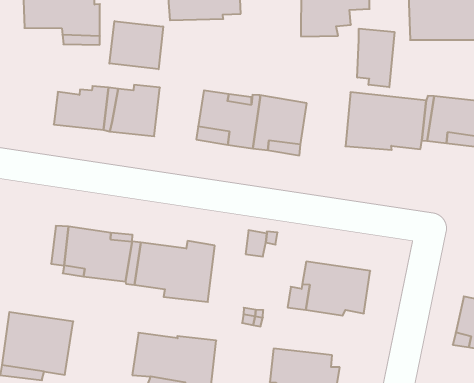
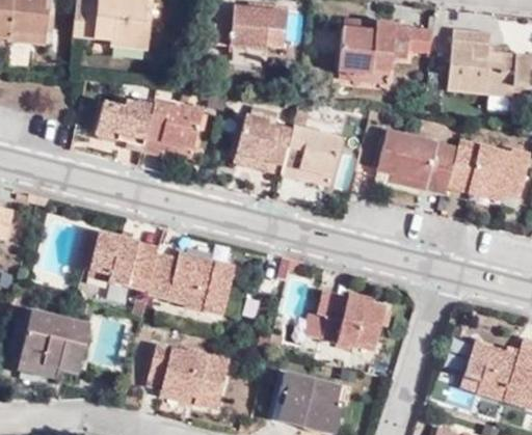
building: [109,21,163,69] -> none
building: [357,29,394,87] -> none

